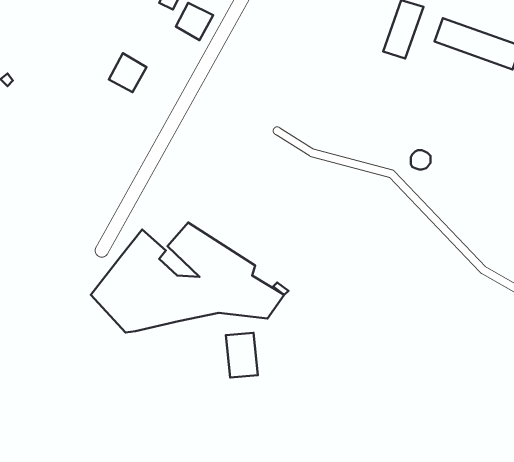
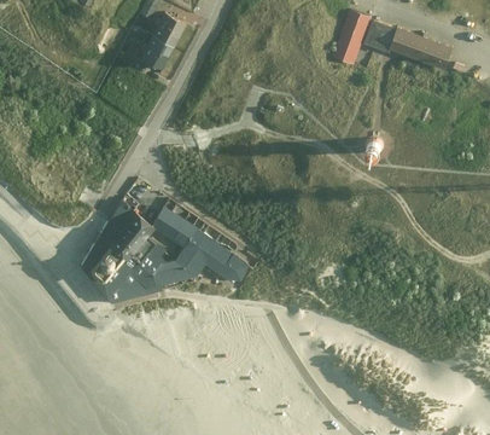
building: [109,53,146,92] -> [142,34,175,68]
building: [226,333,258,377] -> none

